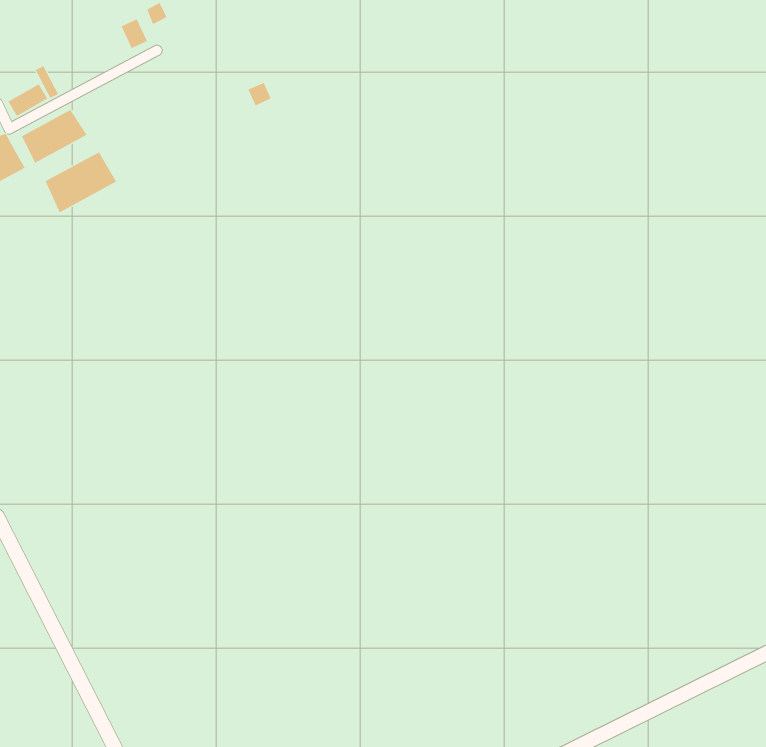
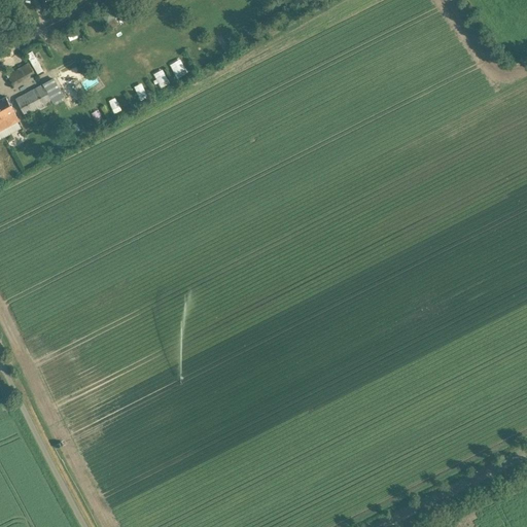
building: [45,151,117,213] -> none

